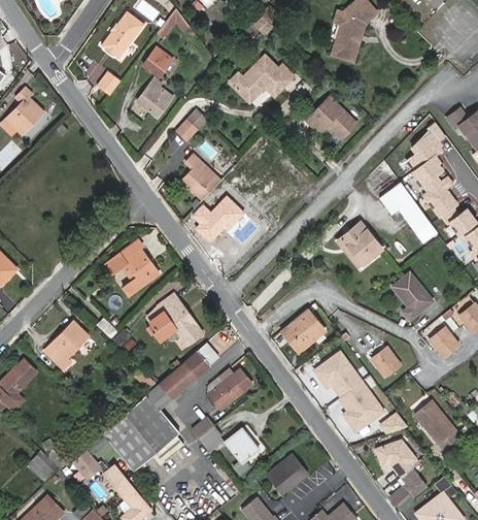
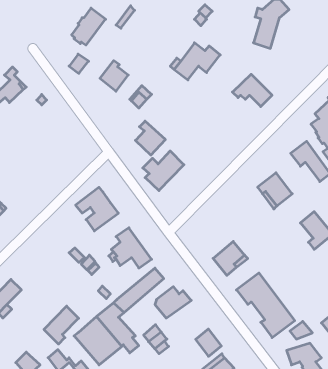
building: [144,47,173,76] -> none
building: [44,320,89,368] -> [44,306,79,344]
building: [371,346,400,376] -> none
building: [226,427,259,462] -> [196,329,221,356]

